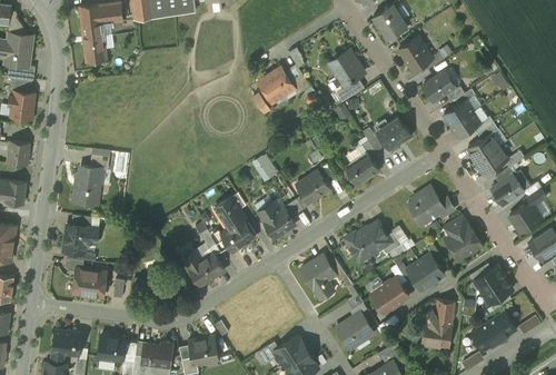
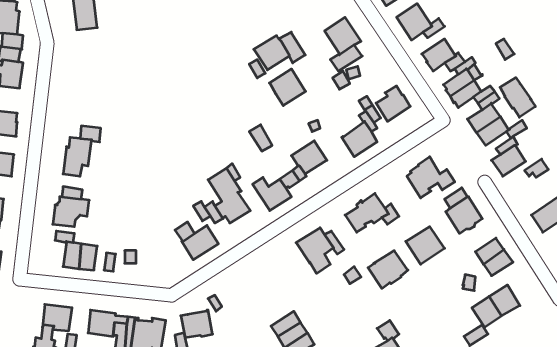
building: none -> [269,69,306,106]
building: none -> [500,78,535,117]
building: [508,201,540,233] -> none
building: [421,300,454,347] -> none
building: [337,313,374,348] -> none

